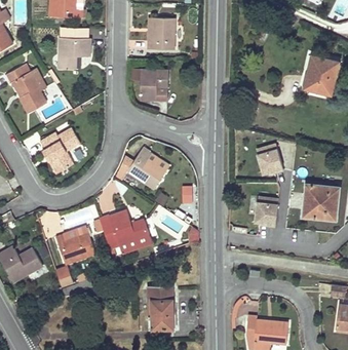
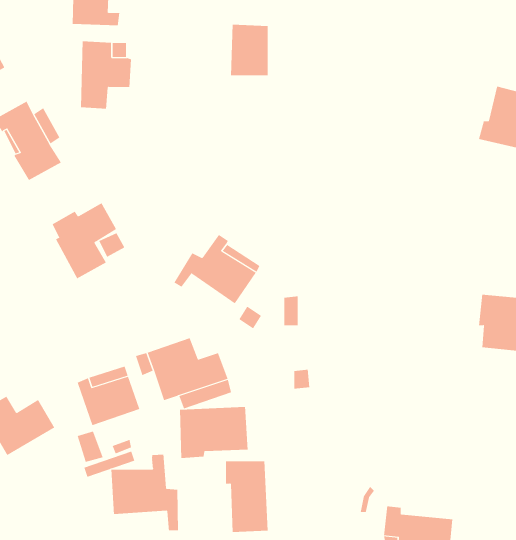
building: [131,69,167,101] -> none
building: [257,144,282,173] -> none
building: [255,198,277,226] -> none
building: none -> [180,406,248,459]
building: none -> [111,454,178,531]

